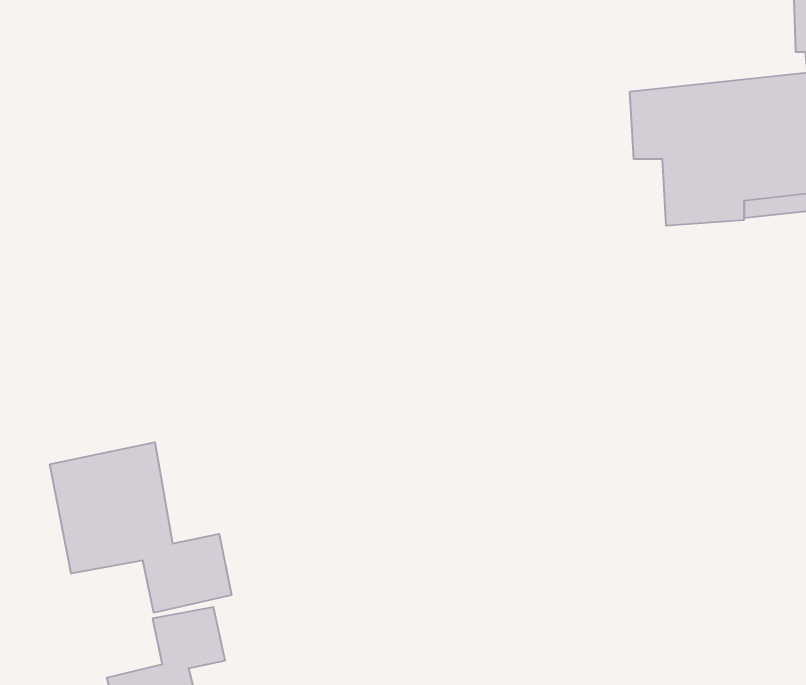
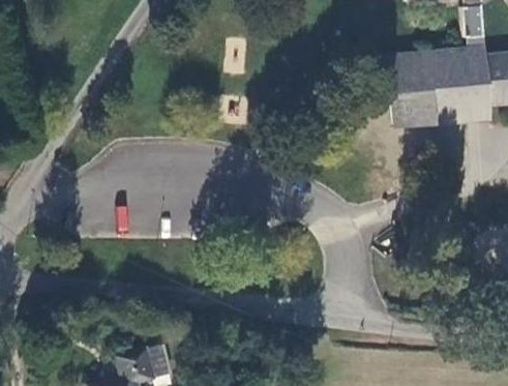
building: [50,442,232,613] -> none

